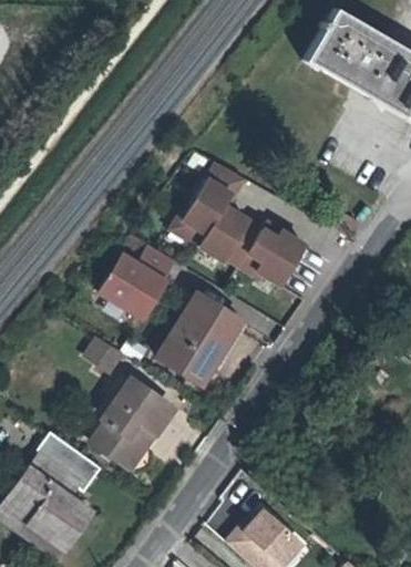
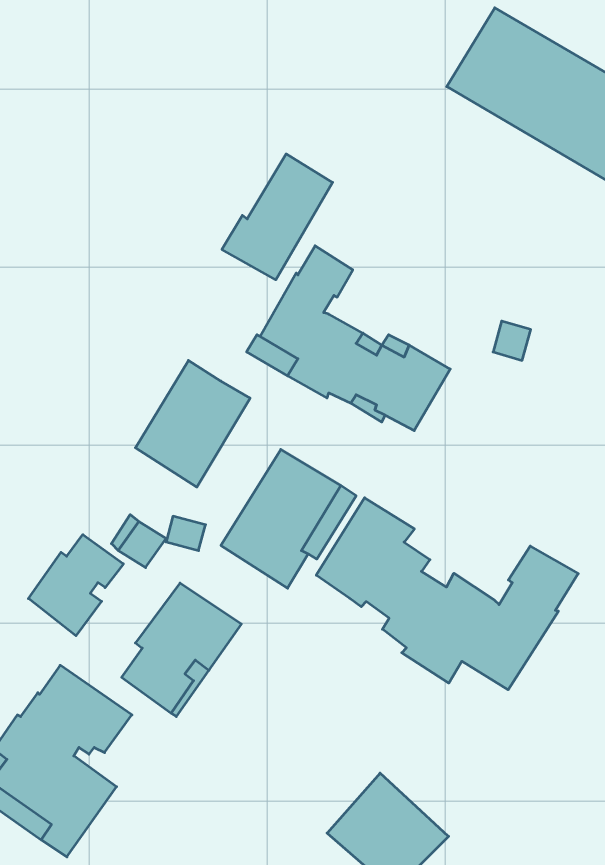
building: none -> [222,154,333,280]
building: none -> [316,498,578,690]
building: none -> [28,535,123,636]

